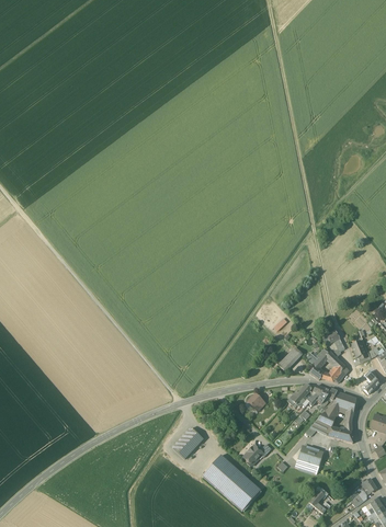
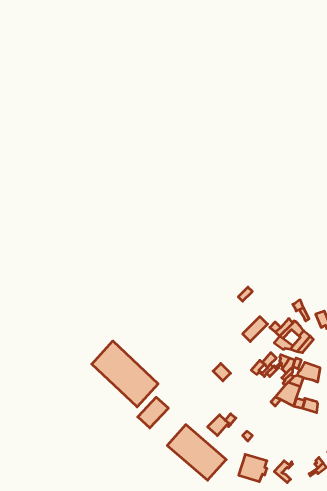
building: none -> [92,341,158,407]
building: [295,446,323,473] -> [239,454,267,482]

